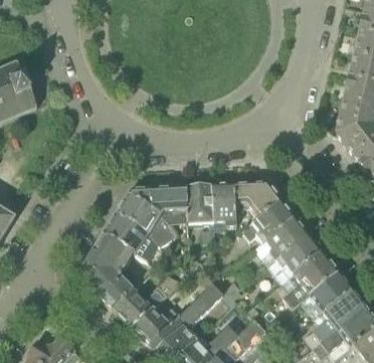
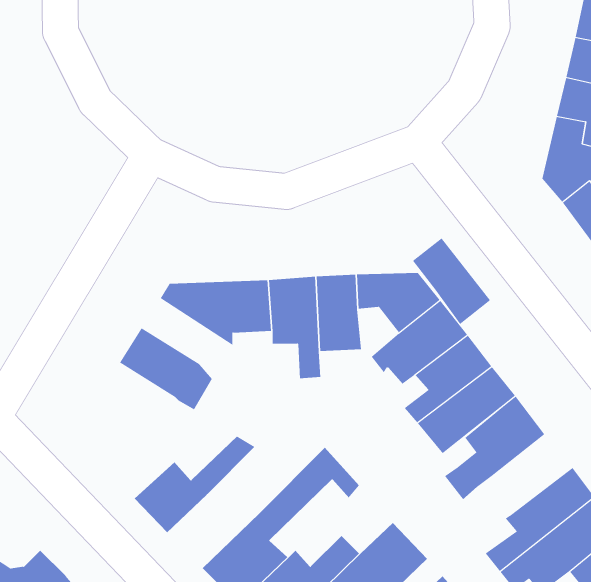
building: none -> [412,237,491,325]
building: [116,197,174,243] -> none
building: [83,232,142,307] -> none
building: [308,271,352,316] -> none
building: [130,305,180,345] -> none

